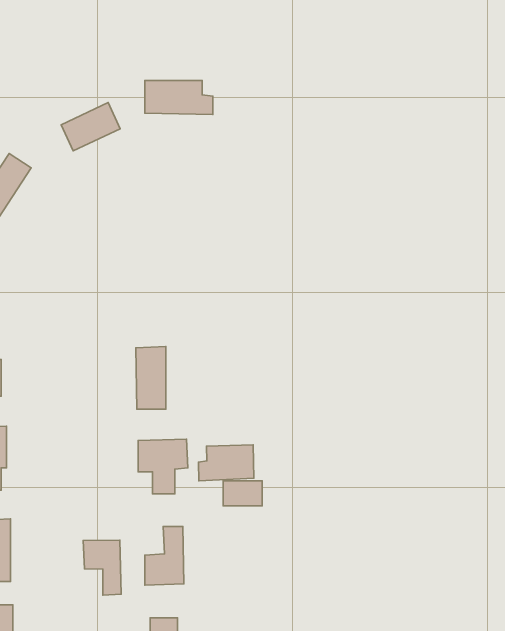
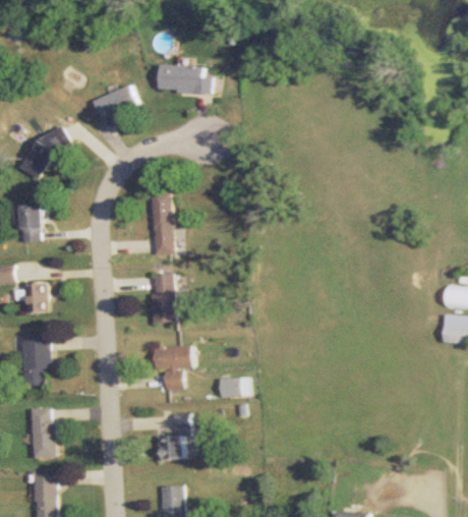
building: none -> [154,192,173,254]
building: [198,445,254,481] -> none
building: [83,540,121,595] -> none

